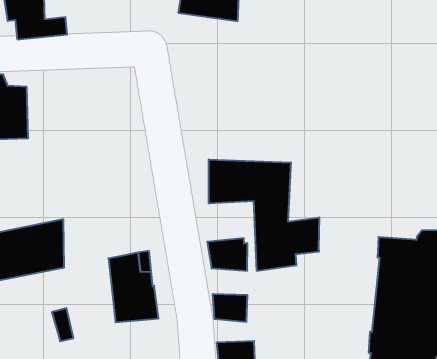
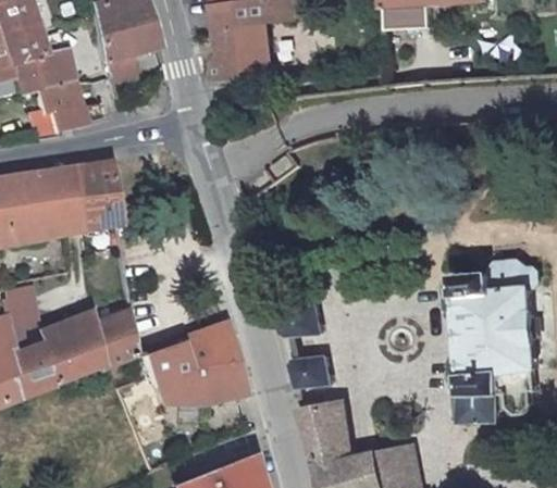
building: none -> [69,160,119,230]
building: [209,159,319,271] -> none
building: none -> [146,340,197,404]

